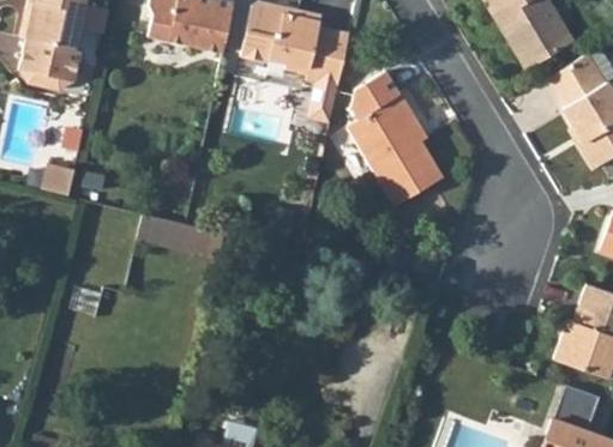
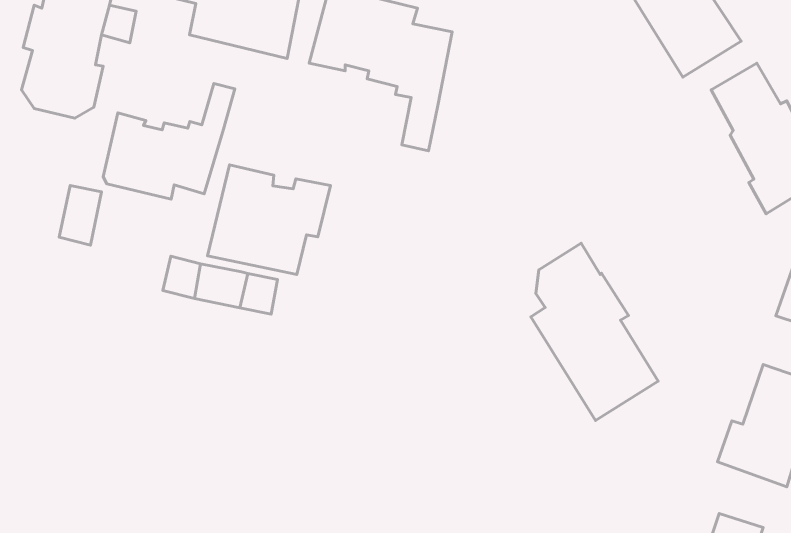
building: none -> [103,84,235,199]
building: [350,74,447,210] -> [531,243,658,421]
building: none -> [207,165,330,274]

